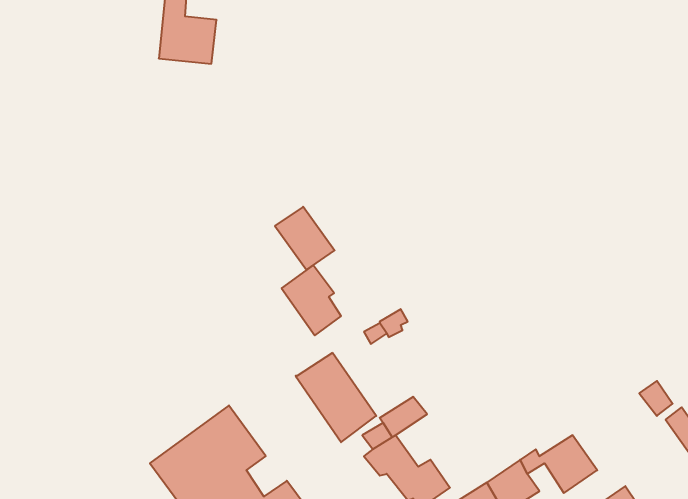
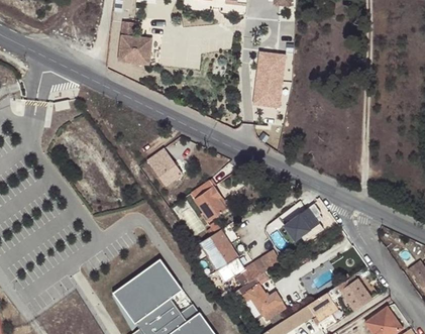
building: none -> [258,49,290,105]
building: [275,207,335,270] -> [146,148,181,185]
building: none -> [283,204,322,241]

